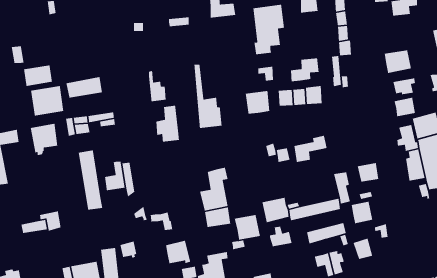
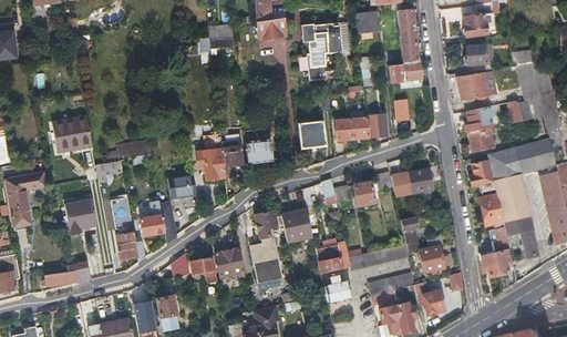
building: none -> [463,45,486,72]
building: [290,58,319,82] -> none
building: [23,65,53,87] -> none
building: [148,70,167,102] -> [219,131,240,167]
building: [65,76,103,98] -> none
building: [30,123,58,156] -> [62,197,94,235]
building: none -> [171,174,195,197]
building: [357,162,379,182] -> [409,170,434,193]
building: none -> [481,249,509,278]
building: [234,214,261,240] -> [282,210,313,239]
building: [165,240,191,264] -> [215,245,245,273]

